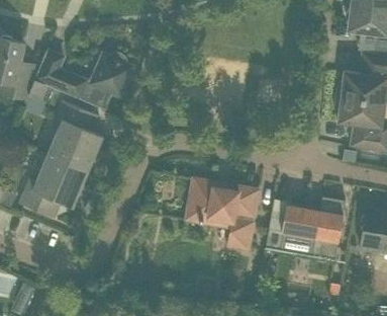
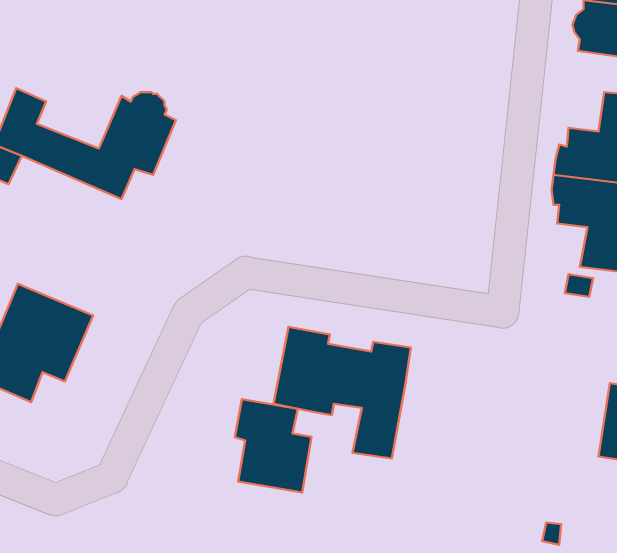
building: [47,104,103,173] -> none
building: [265,198,346,259] -> none
building: none -> [235,399,312,493]

